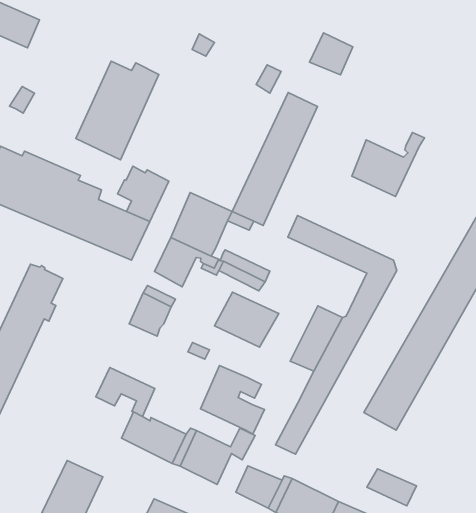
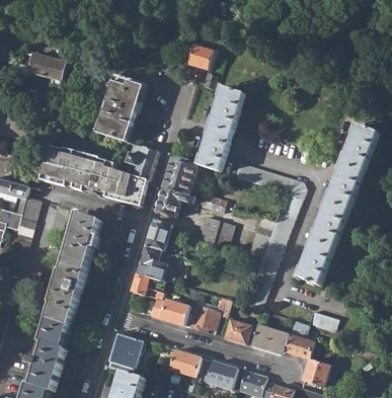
building: [309,33,353,75] -> [187,45,213,69]
building: [352,132,425,196] -> none
building: [200,365,264,434] -> [137,243,176,283]

